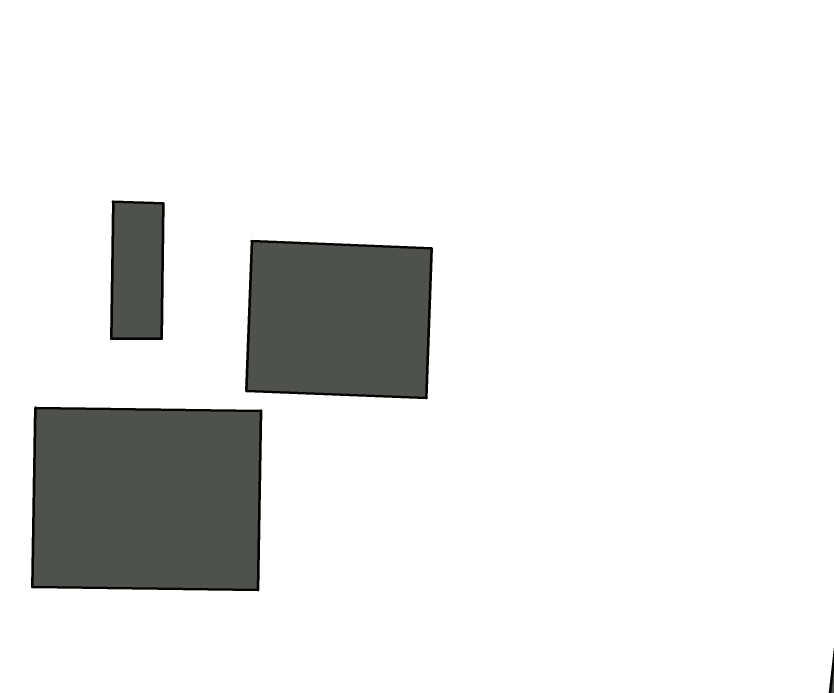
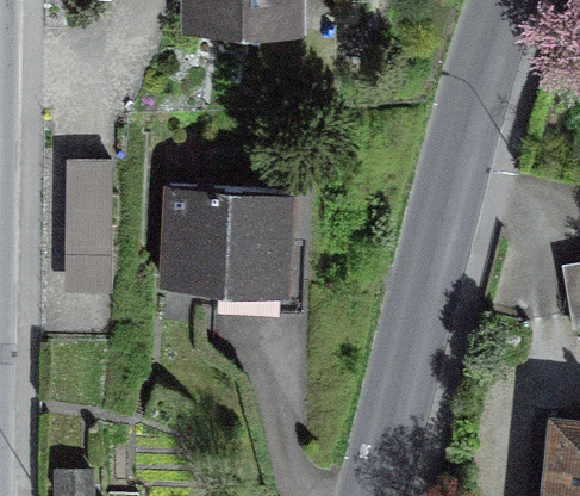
building: [32,408,261,590] -> none

